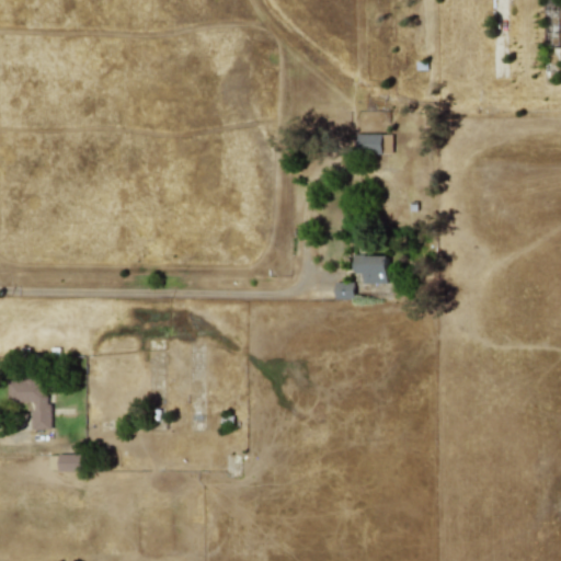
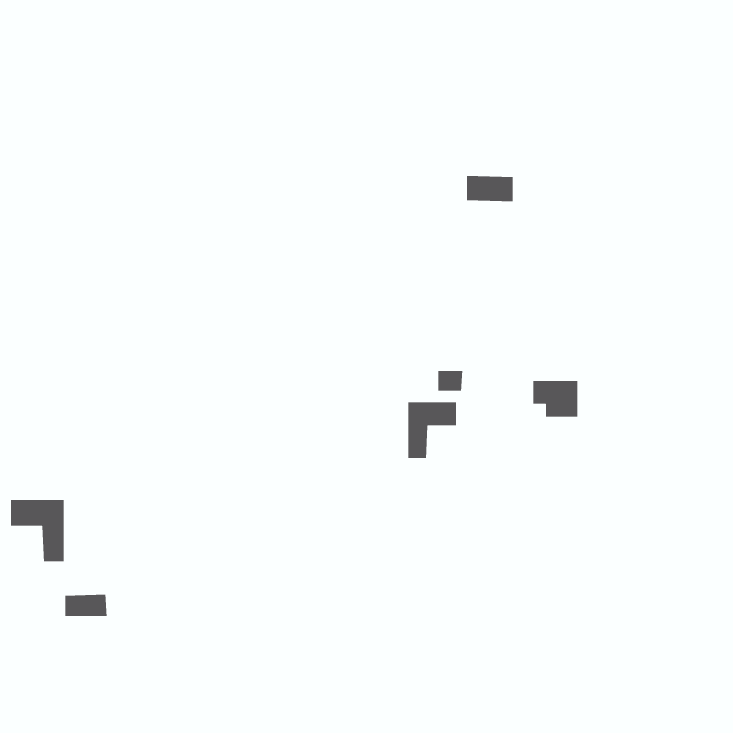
building: [353,255,388,284] -> [532,380,578,418]
building: none -> [407,401,457,459]

